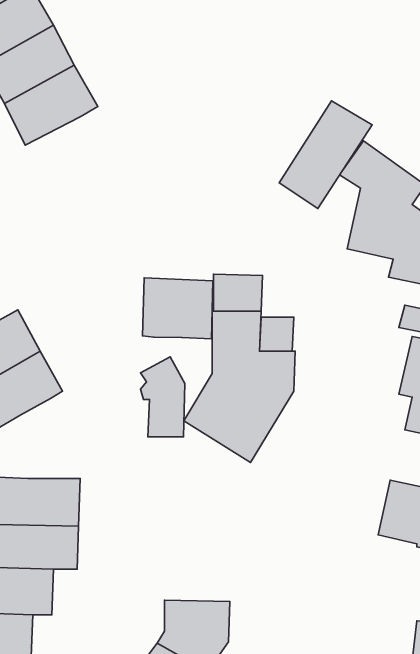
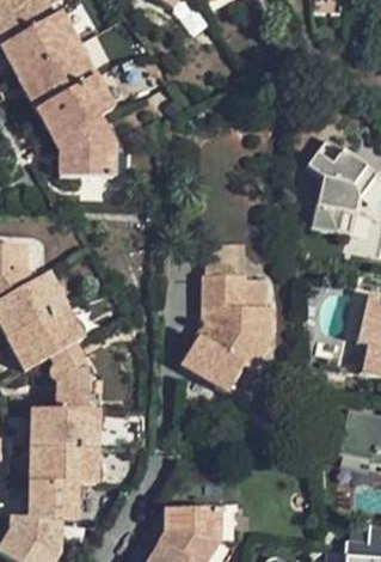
building: [279,101,372,208] -> none
building: none -> [54,117,113,178]
building: [143,278,213,339] -> none
building: [140,357,185,437] -> [50,344,86,409]

